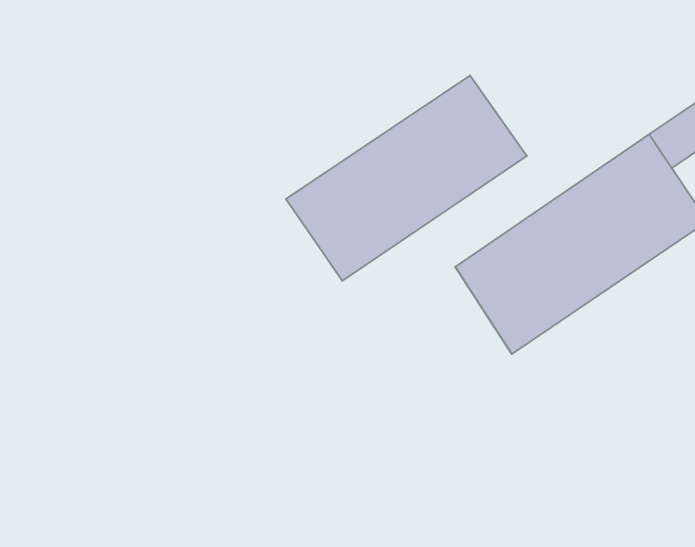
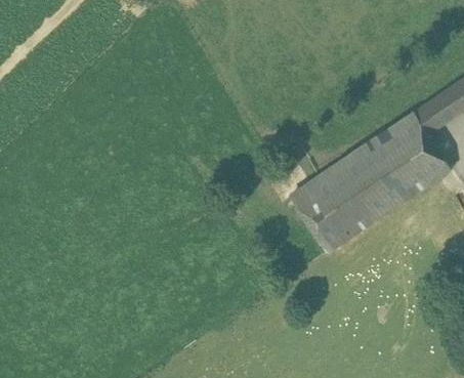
building: [286,75,527,281] -> none

